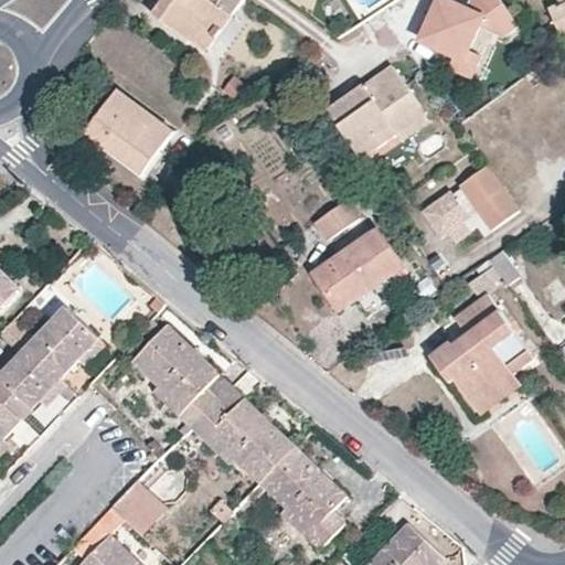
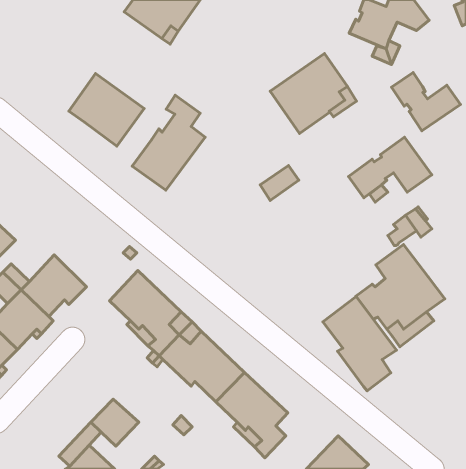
building: none -> [391,72,460,131]
building: none -> [132,95,205,190]
building: [311,231,401,311] -> none
building: none -> [323,297,396,391]

